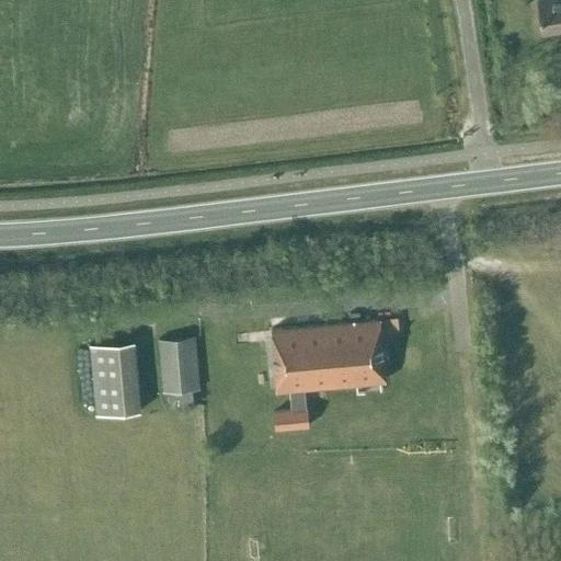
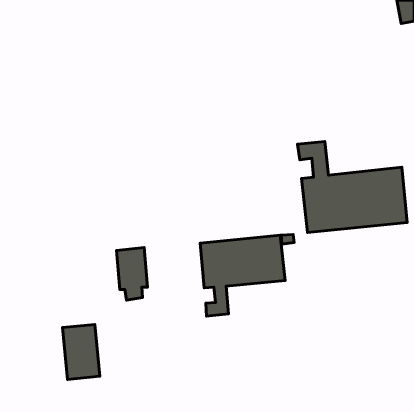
building: none -> [298,142,407,233]
building: [90,343,140,417] -> [63,324,100,379]

